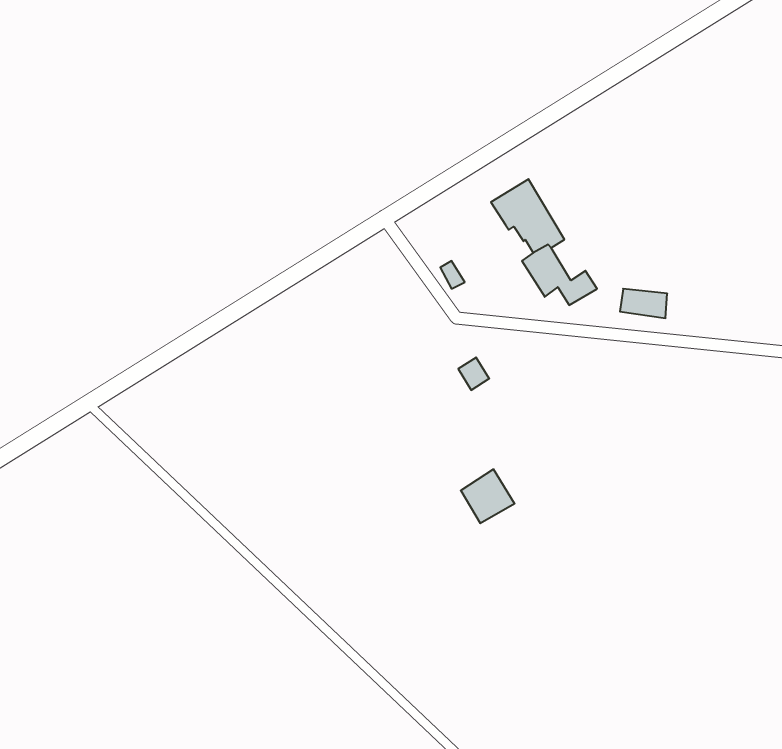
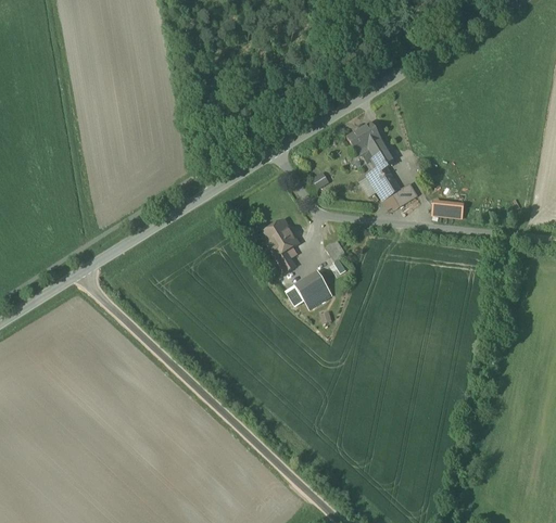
building: none -> [262,220,298,271]
building: [461,469,515,523] -> [295,271,331,307]

